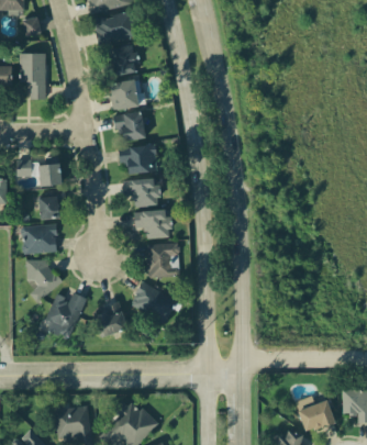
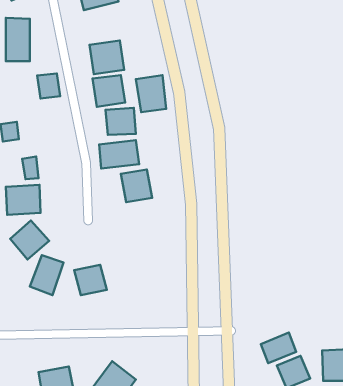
building: [108,45,136,76] -> none
building: none -> [136,75,166,112]
building: [36,160,59,186] -> [37,73,60,98]
building: [151,245,179,275] -> none
building: [130,283,181,327] -> none
building: none -> [261,333,296,363]

